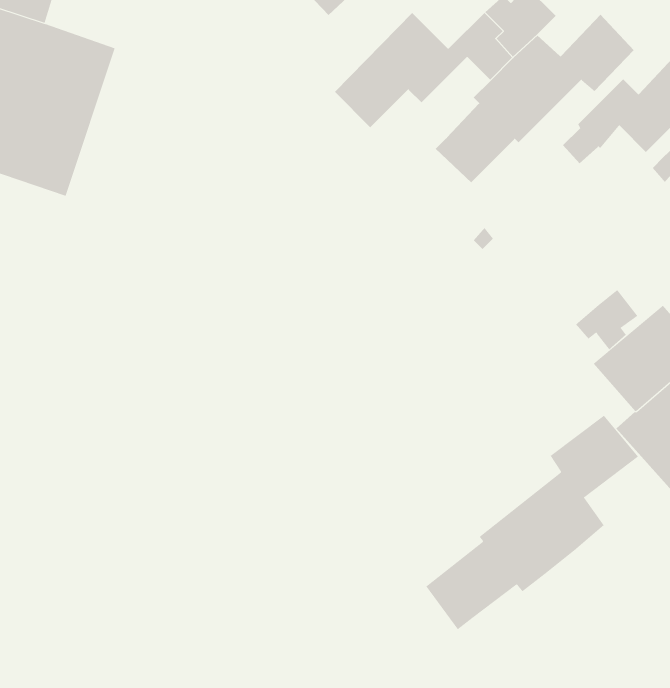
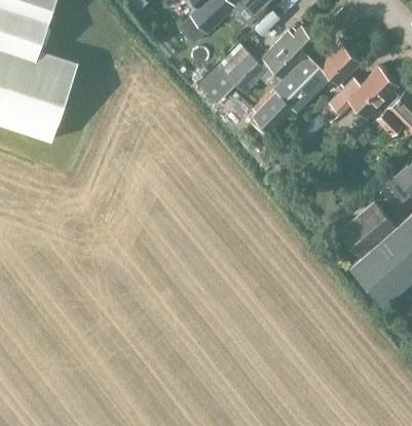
building: [575,289,638,350] -> none
building: [425,415,639,630] -> none

